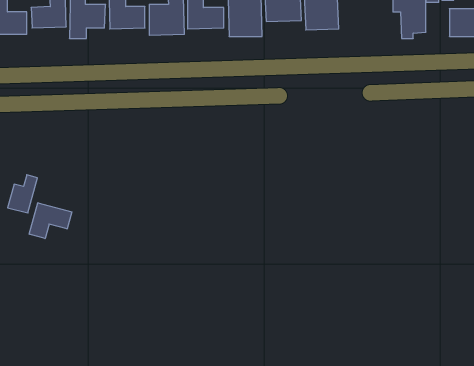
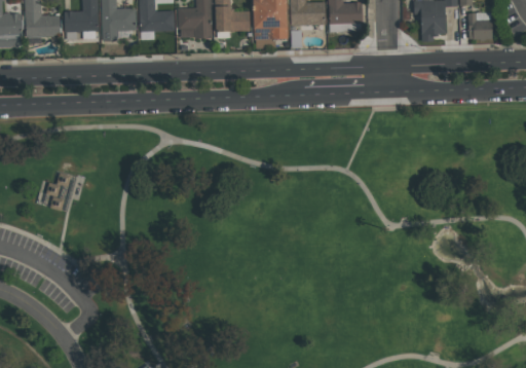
building: [29,203,72,239] -> none

